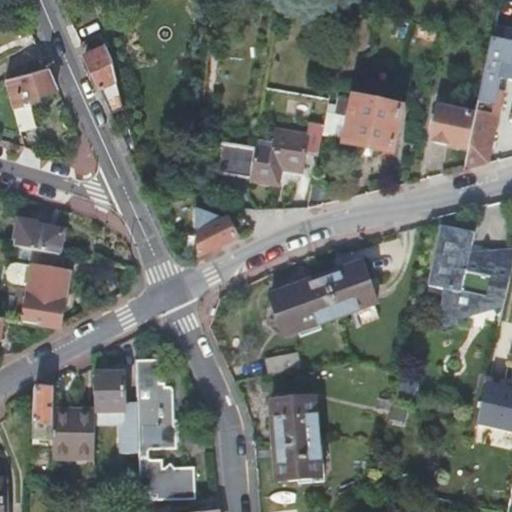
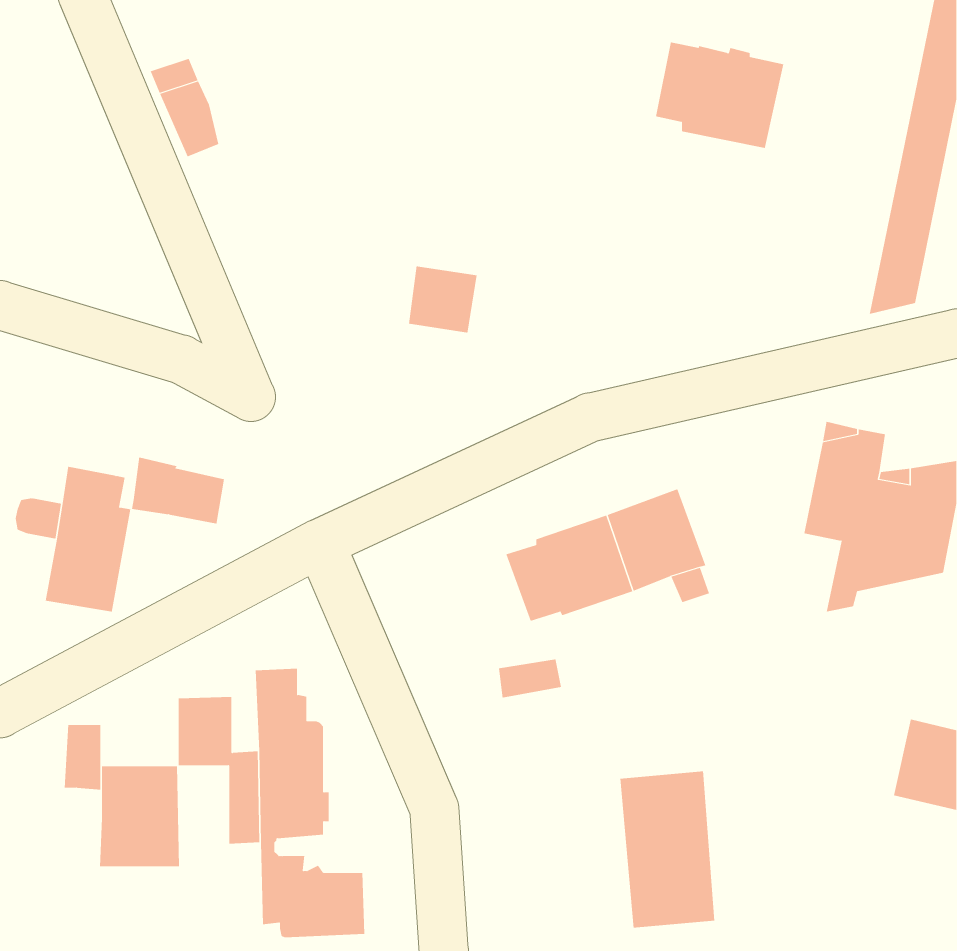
building: [7,64,58,129] -> none
building: [333,95,402,152] -> [655,42,784,148]
building: [432,107,473,146] -> none
building: [249,122,324,184] -> none
building: [197,208,238,255] -> none
building: [16,218,66,254] -> [131,457,225,524]
building: [270,395,321,479] -> [620,771,715,928]

